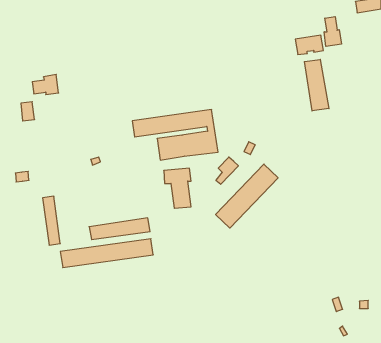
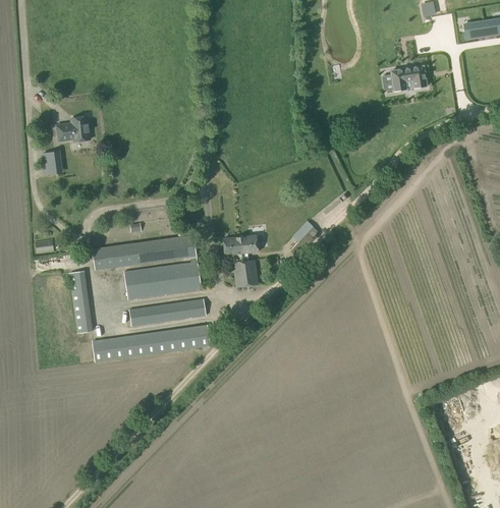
building: [324,17,341,46] -> none
building: [304,59,329,111] -> none
building: [132,110,218,160] -> [92,235,201,299]
building: [216,164,278,228] -> none

